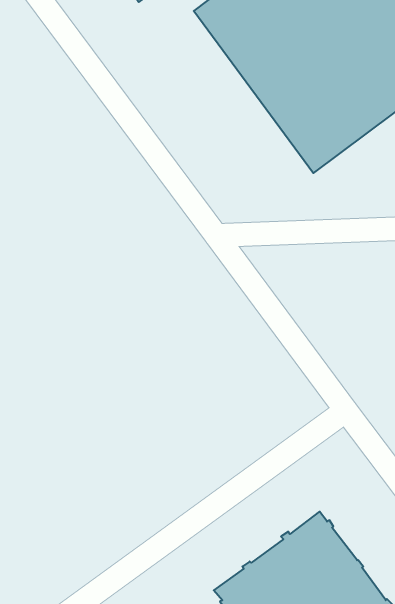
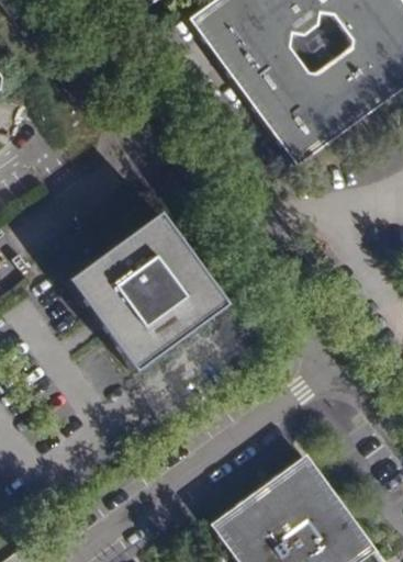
building: none -> [66,209,228,370]

